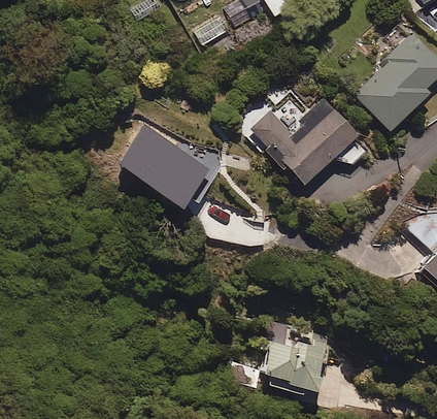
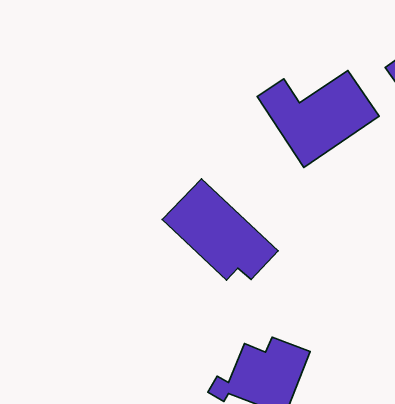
building: [116,123,216,205] -> [162,179,278,280]

